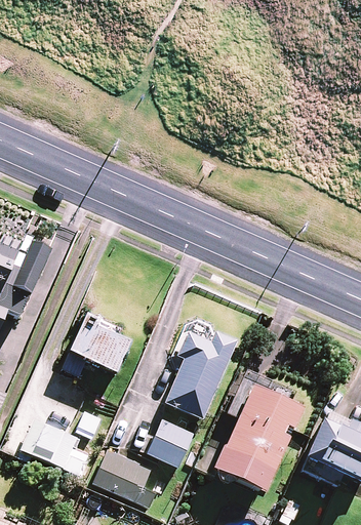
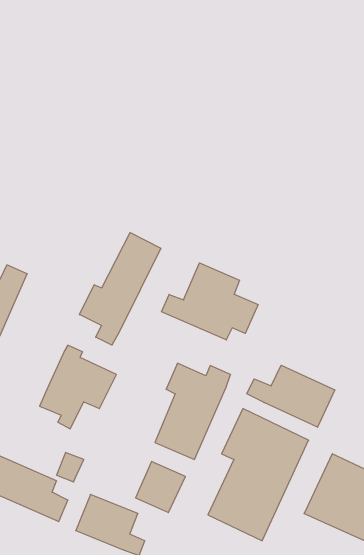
building: none -> [79,233,161,345]
building: none -> [162,263,258,340]
building: none -> [247,365,335,427]

